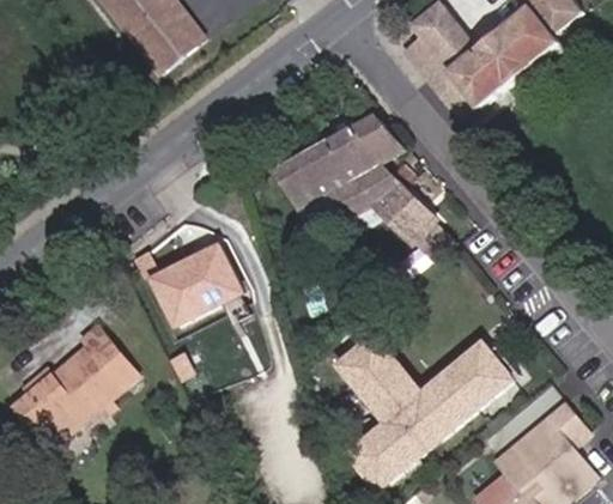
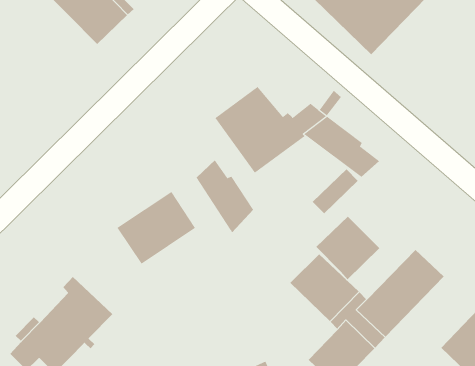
building: [329,114,406,178] -> none
building: none -> [196,159,254,233]
building: none -> [315,216,380,280]

